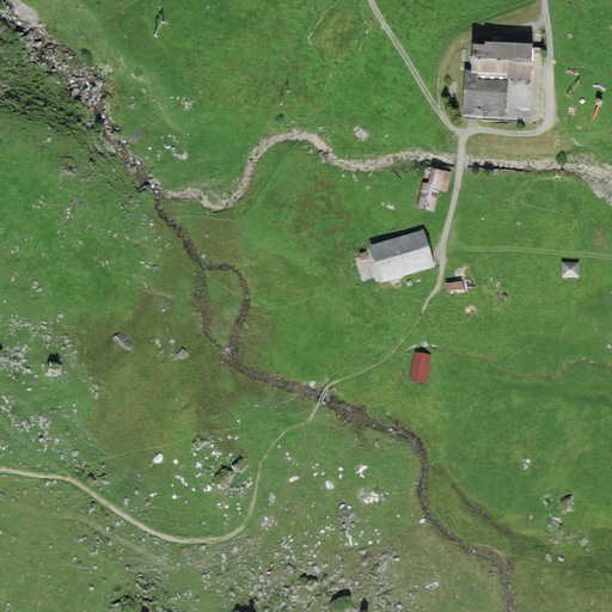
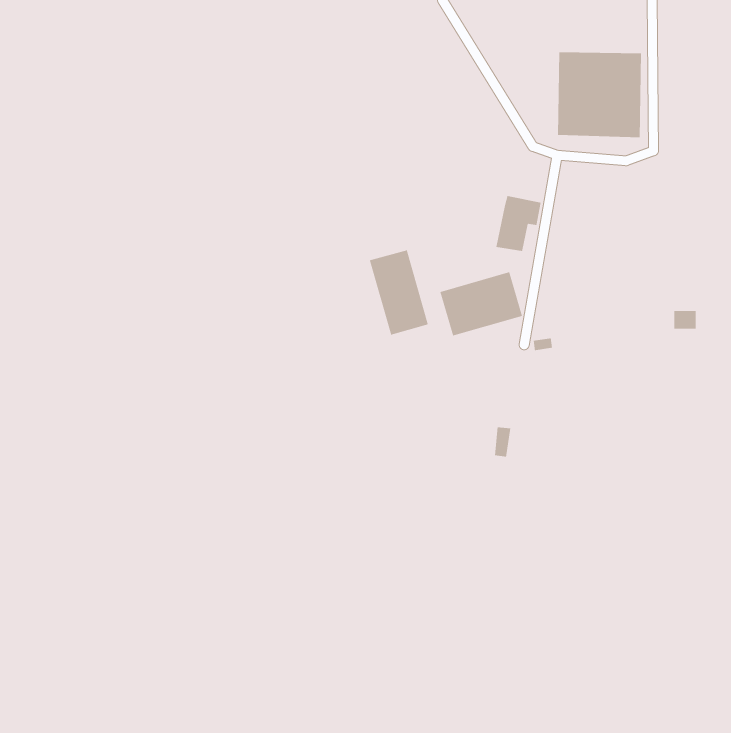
building: none -> [369,249,429,335]

